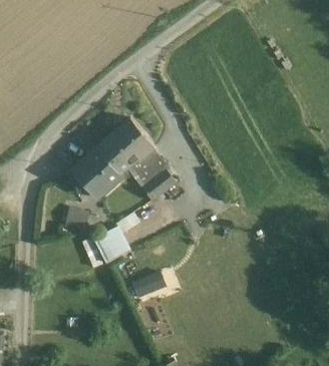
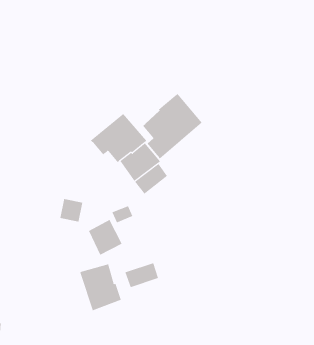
building: none -> [142,93,202,160]
building: [72,148,122,194] -> none
building: none -> [80,263,122,311]

